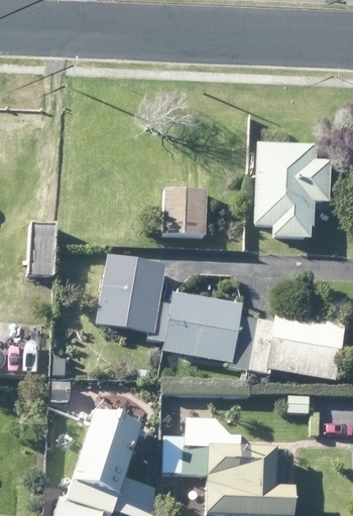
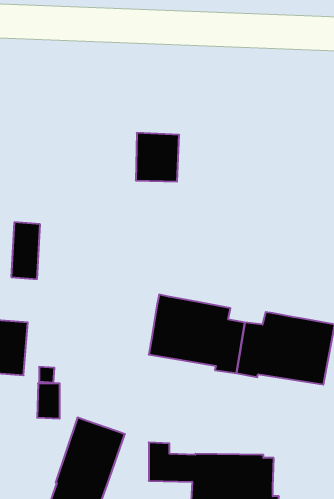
building: [253,145,330,239] -> none
building: [164,187,207,235] -> [136,133,179,182]
building: [97,254,171,340] -> none

